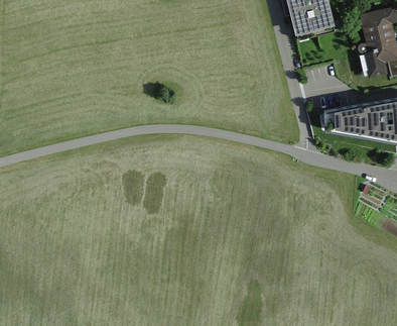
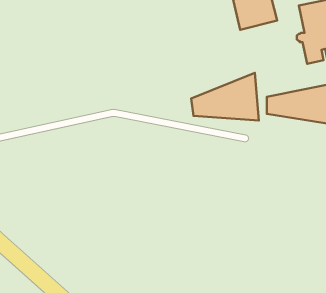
building: none -> [191,73,259,120]

